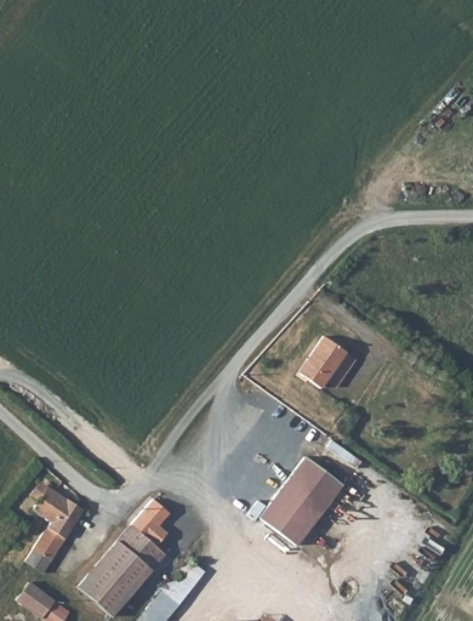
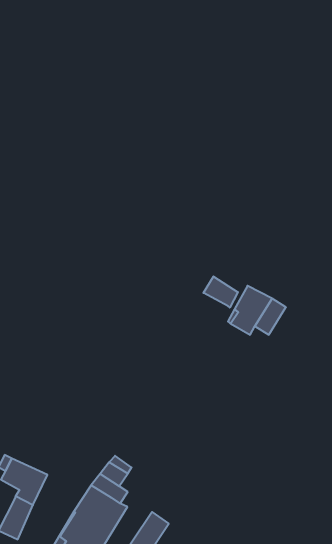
building: none -> [203,276,238,308]
building: [256,462,340,552] -> none

